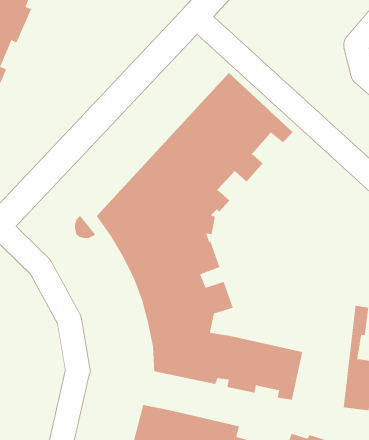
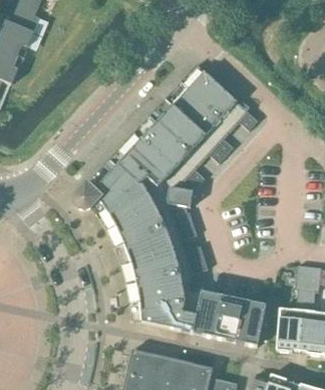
building: none -> [277,264,310,352]

